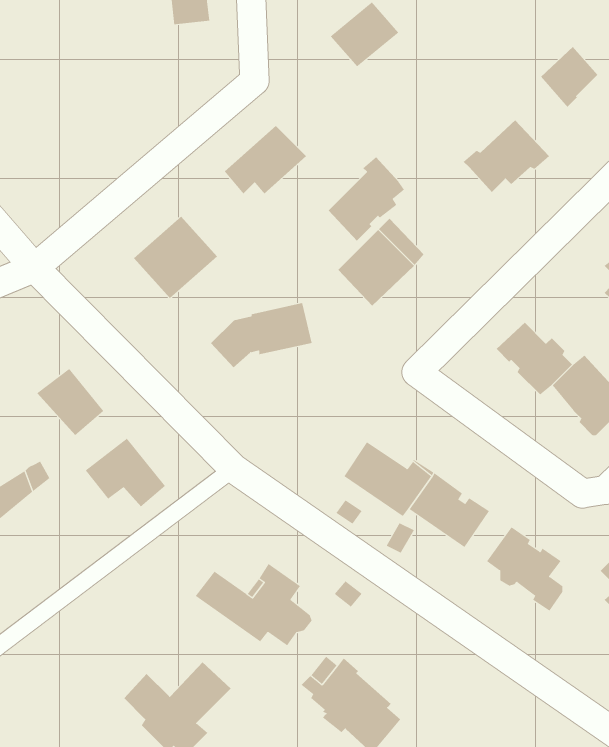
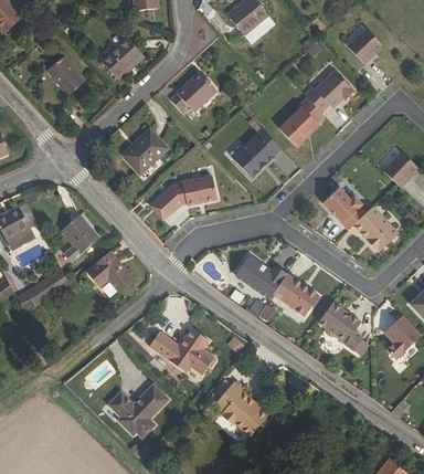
building: none -> [98,42,141,85]
building: none -> [45,62,82,101]
building: [328,157,405,241] -> [278,98,322,147]

